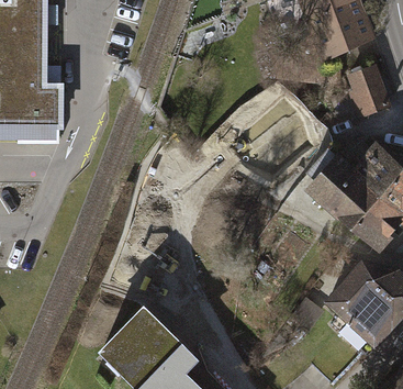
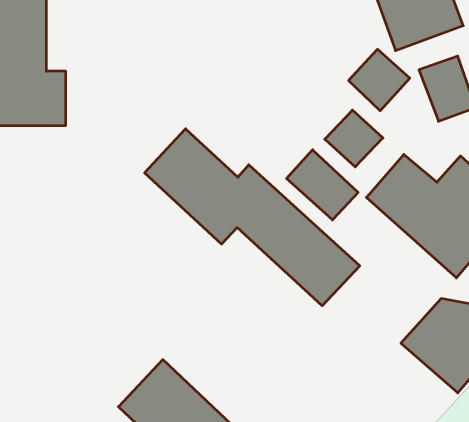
building: none -> [349,49,410,111]
building: none -> [145,129,360,306]
building: none -> [287,150,358,220]

